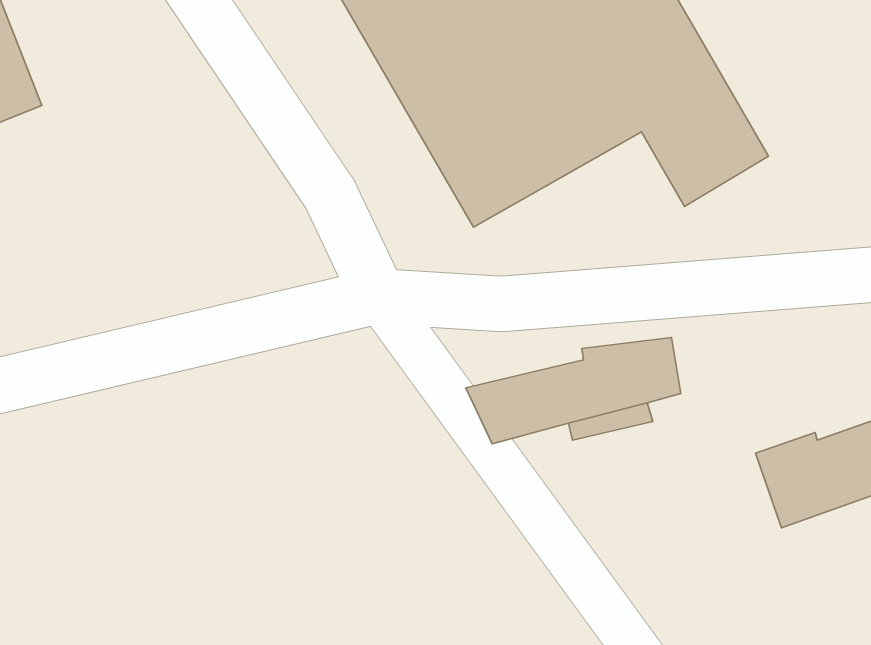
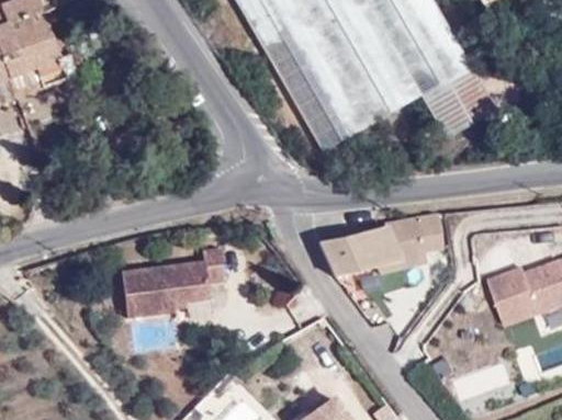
building: none -> [119,248,222,318]

